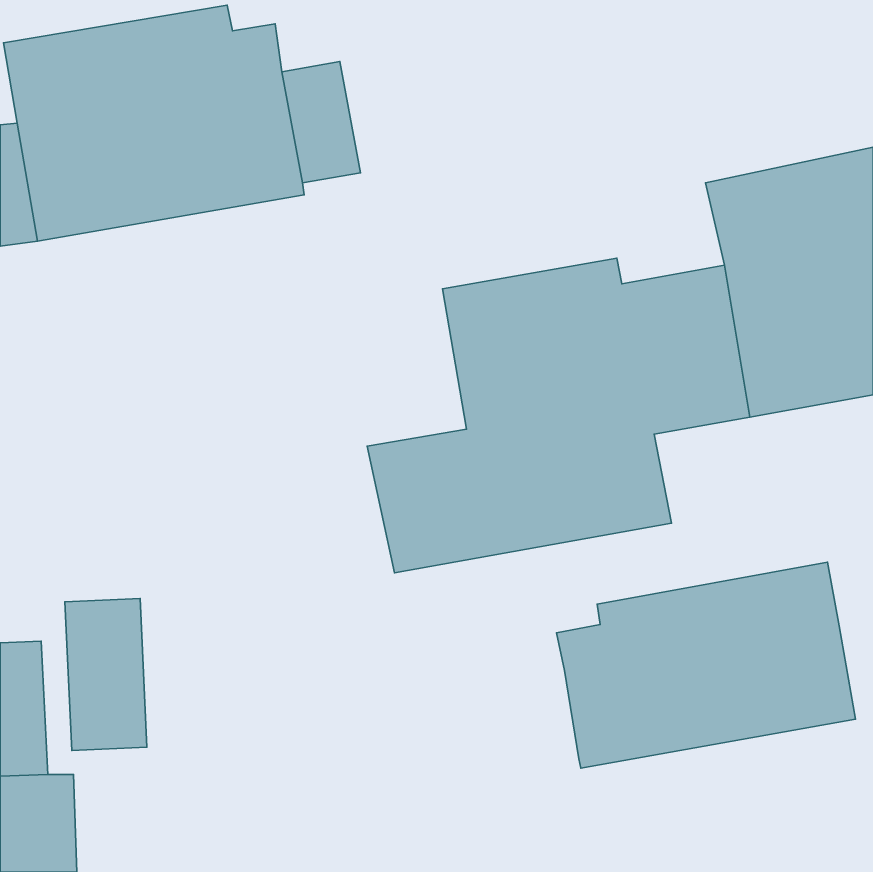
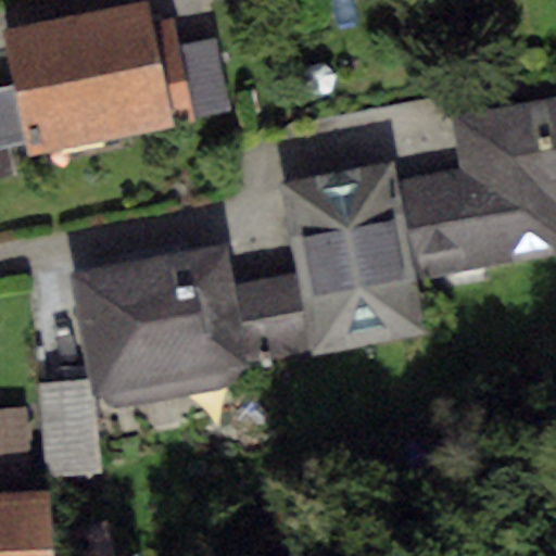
building: none -> [71,244,255,408]
building: [556,562,856,768] -> none

